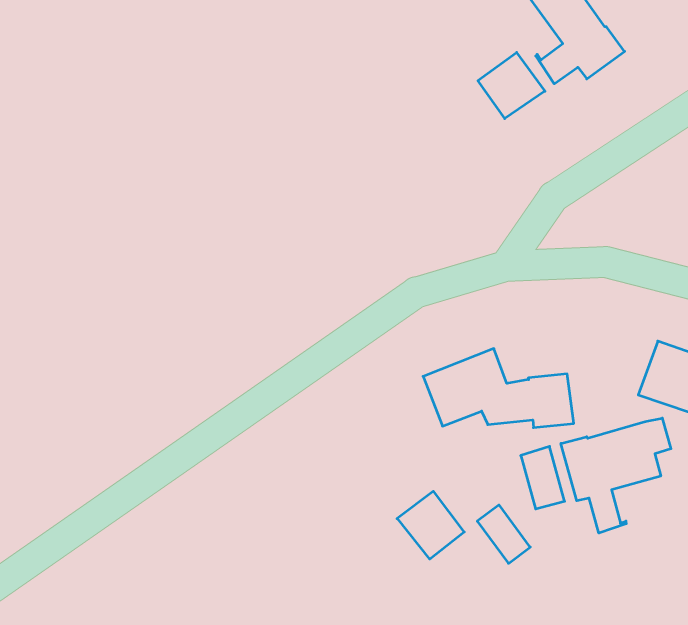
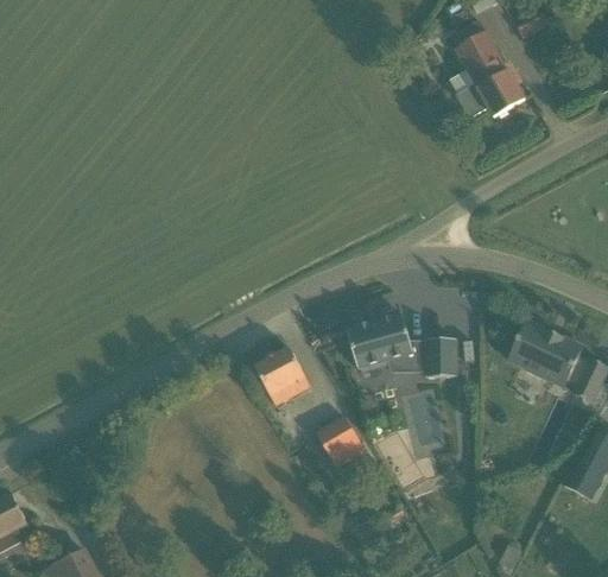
building: [478,52,545,119] -> none
building: none -> [254,347,311,405]
building: [561,418,671,533] -> none

